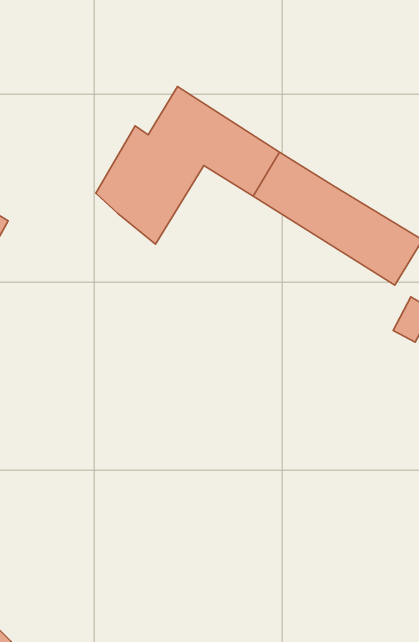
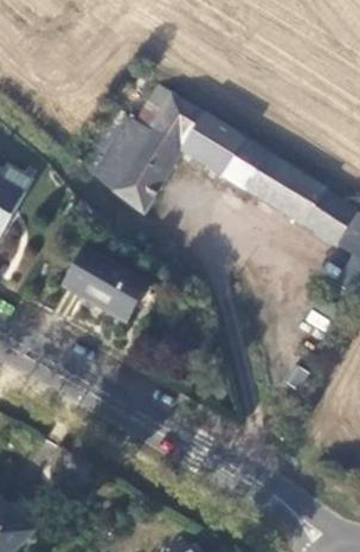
building: none -> [60,245,147,320]

